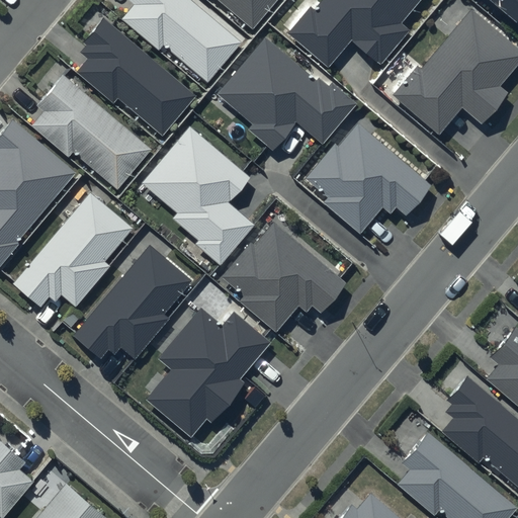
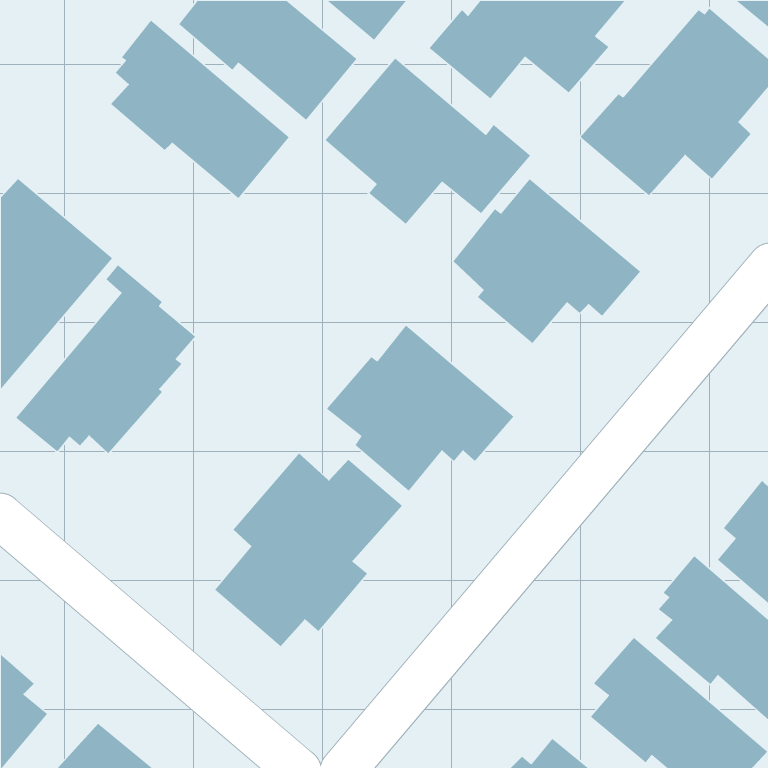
building: [30,73,152,189] -> none
building: [143,126,254,264] -> none
building: [73,244,191,358] -> none

